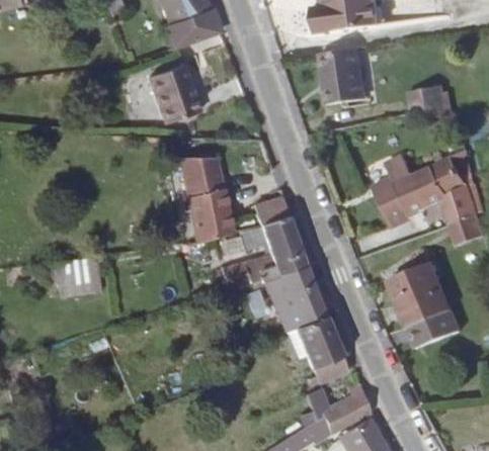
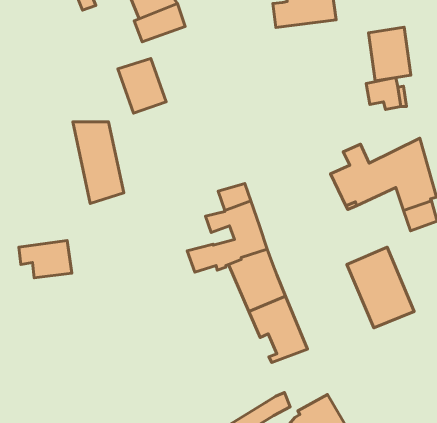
building: [321,48,365,104] -> [368,27,411,81]
building: [179,157,233,243] -> [73,122,124,204]
building: [301,382,371,433] -> none

